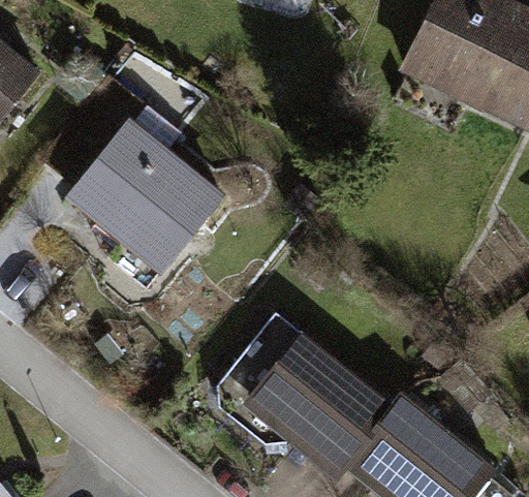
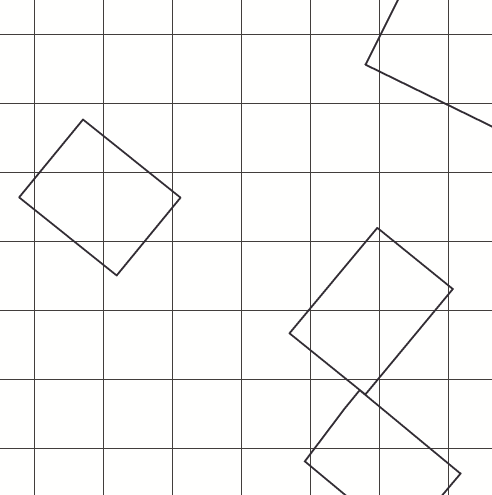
building: none -> [290,228,453,395]
building: [230,323,379,469] -> none

